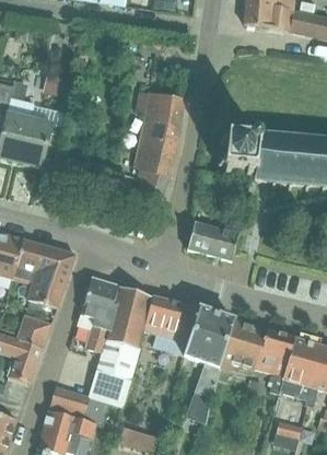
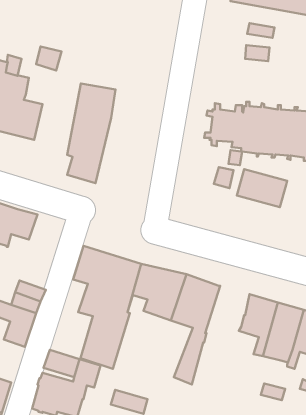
building: [135,92,185,196] -> [67,83,115,183]
building: [187,221,240,260] -> [237,169,287,207]
building: [13,245,77,307] -> none
building: [218,319,265,381] -> none

